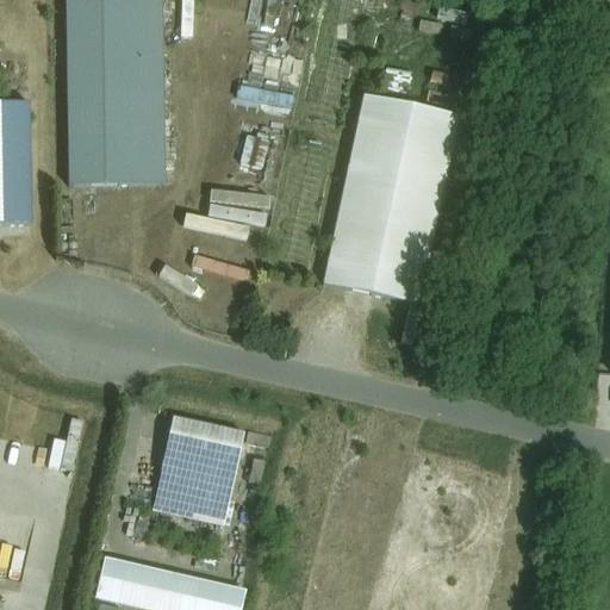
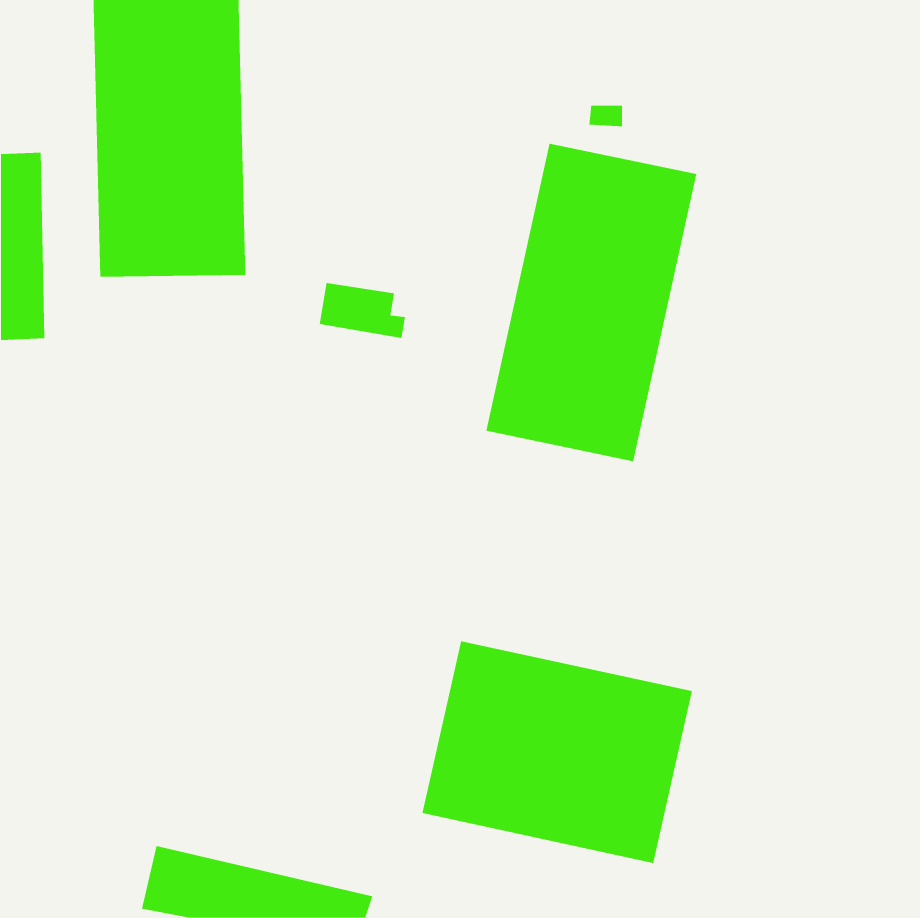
building: [154,417,245,527] -> none
building: none -> [422,640,693,864]

